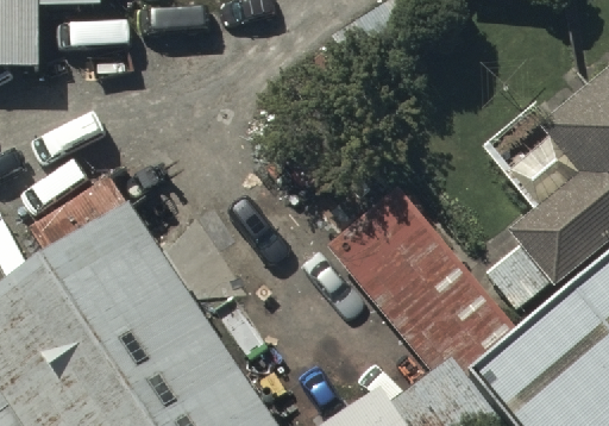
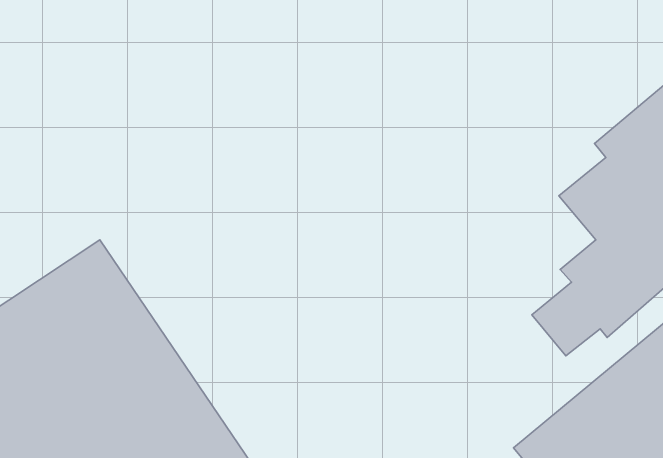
building: [327,183,521,372] -> none

